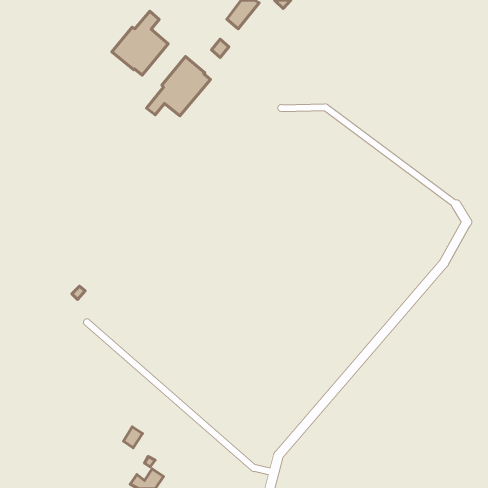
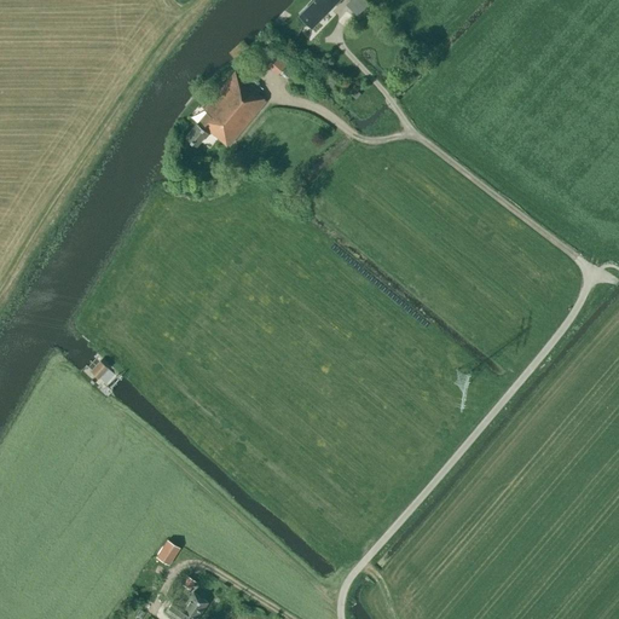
building: [112,11,168,75] -> none

